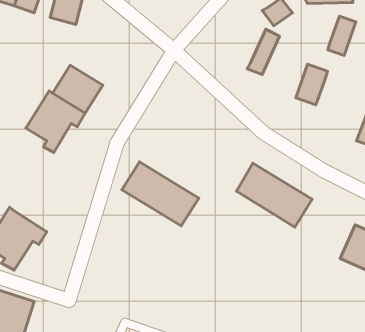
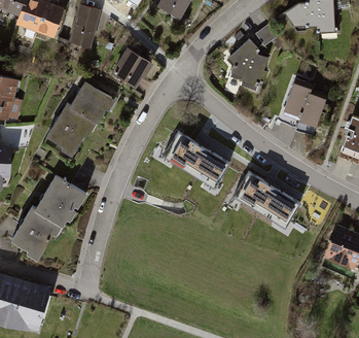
building: [328,16,356,56] -> [300,95,325,130]
building: none -> [226,40,258,80]
building: none -> [110,47,153,90]
building: [122,162,199,226] -> [161,129,229,185]
building: none -> [36,178,85,230]

